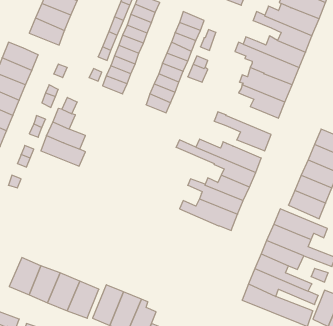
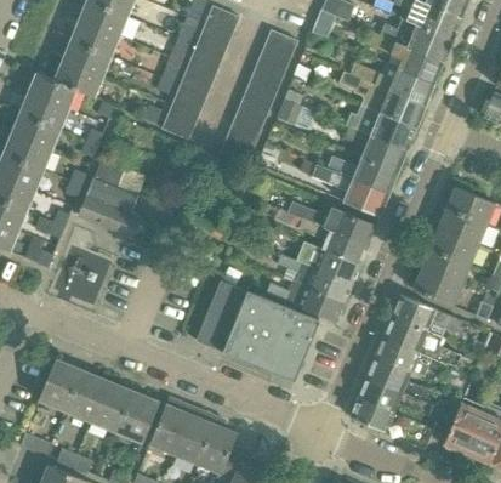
building: none -> [56,58,104,95]
building: none -> [328,155,398,194]
building: none -> [56,248,110,302]
building: none -> [194,280,317,381]

